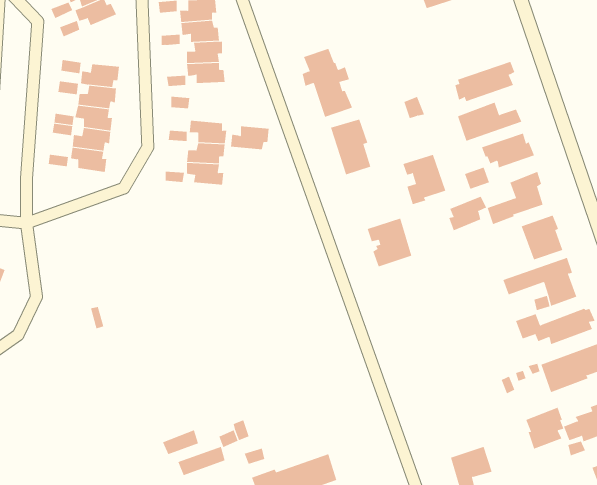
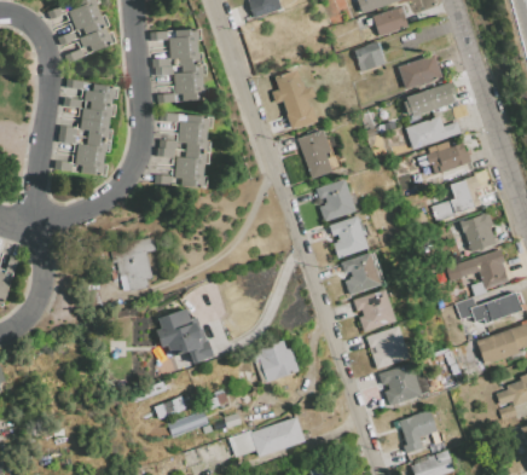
building: none -> [353,42,384,73]
building: none -> [398,54,442,89]
building: [230,126,270,150] -> [178,114,212,134]
building: [402,154,446,205] -> [317,179,354,222]
building: [449,196,487,231] -> none
building: none -> [115,237,157,291]
building: none -> [341,253,381,295]
building: none -> [353,290,395,331]
building: none -> [156,309,214,363]
building: none -> [366,326,409,367]
building: none -> [251,341,299,381]
building: none -> [380,364,421,405]
building: [525,407,564,449] -> none

